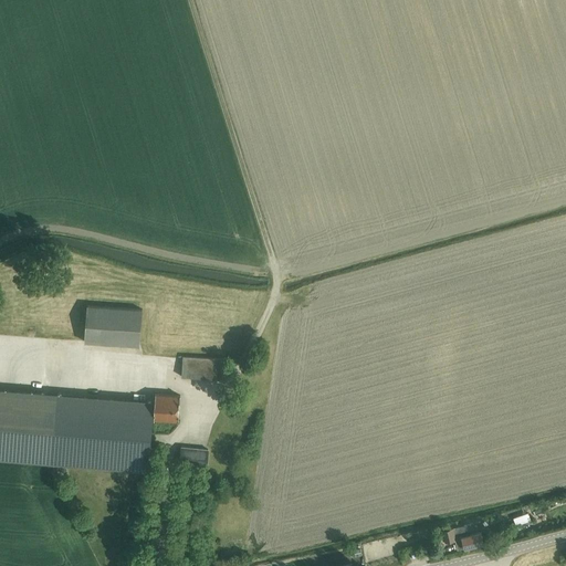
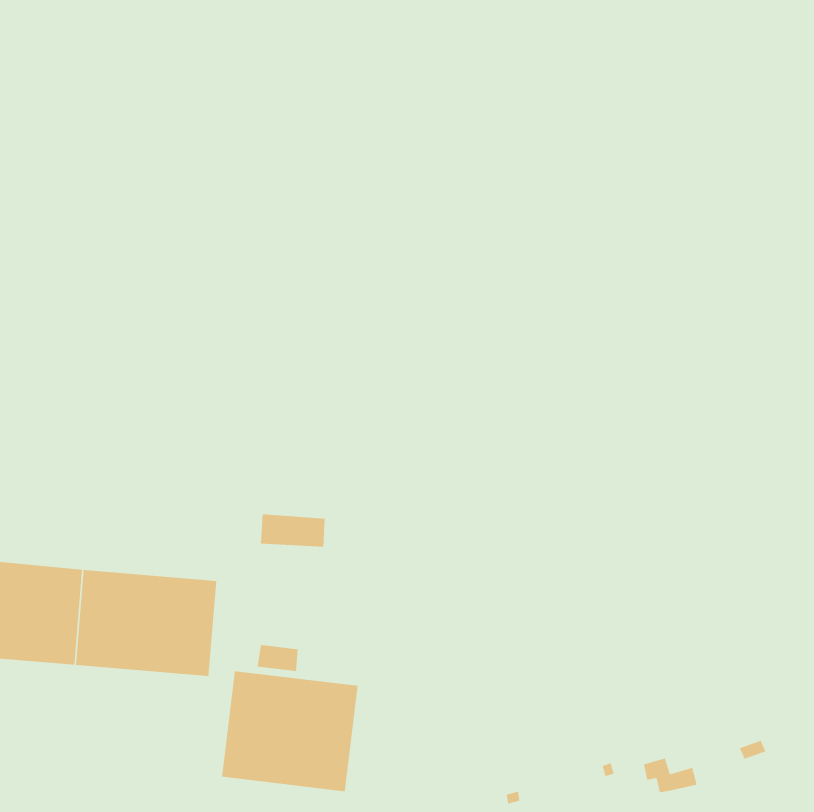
building: [84,307,142,347] -> none
building: [153,396,179,422] -> none
building: none -> [222,670,358,792]

